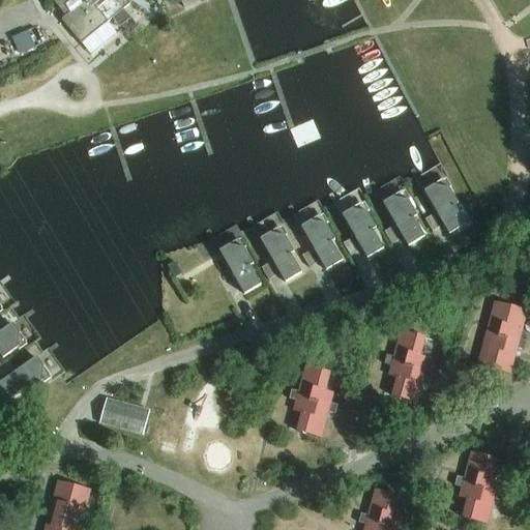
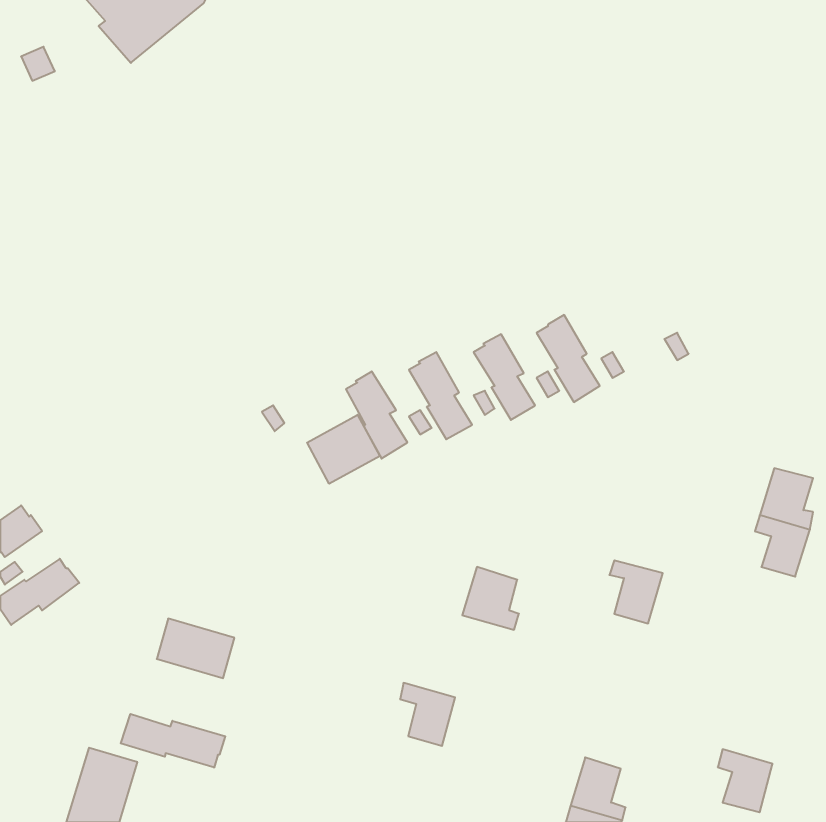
building: [425,178,466,233] -> none
building: [385,190,424,245] -> none
building: none -> [307,415,380,484]
building: [393,328,428,367] -> none
building: [294,394,329,435] -> [400,683,455,746]
building: [463,449,498,490] -> none
building: none -> [121,714,225,768]

